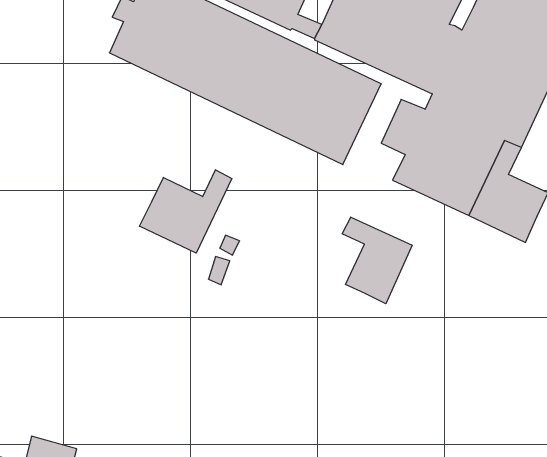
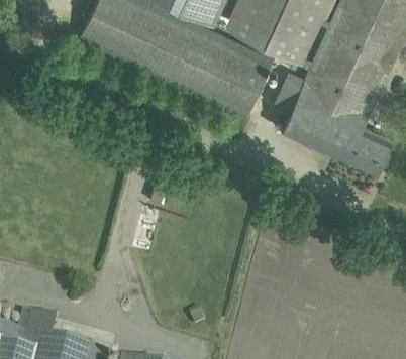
building: [139,170,232,253] -> none
building: [342,217,412,304] -> none

